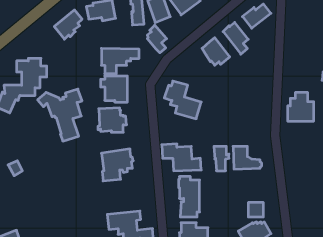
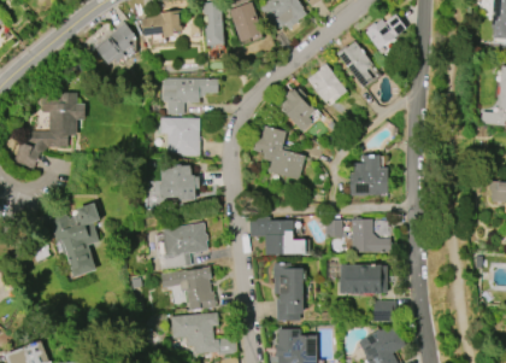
building: [147,25,167,53] -> [283,89,311,129]
building: [38,89,82,141] -> [37,203,101,277]
building: [288,93,314,121] -> [351,154,388,195]
building: none -> [339,263,388,294]
building: none -> [161,267,217,310]

